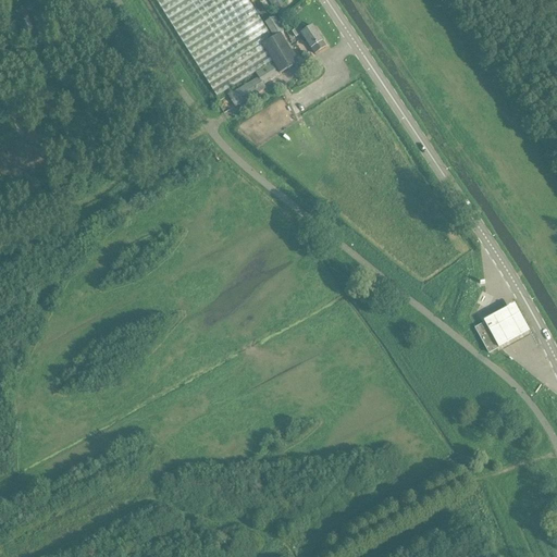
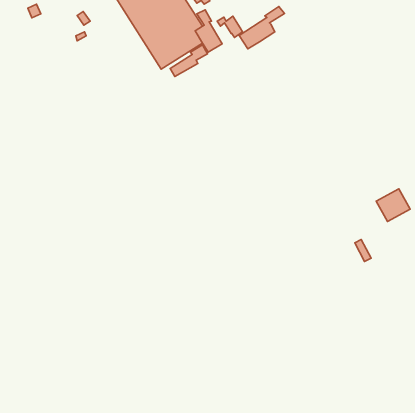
building: none -> [239,6,284,49]
building: [484,301,530,345] -> [376,189,410,221]

